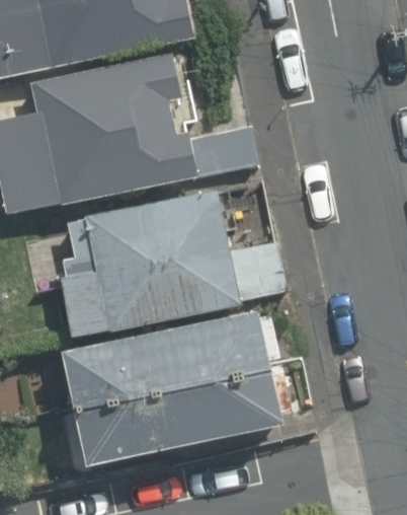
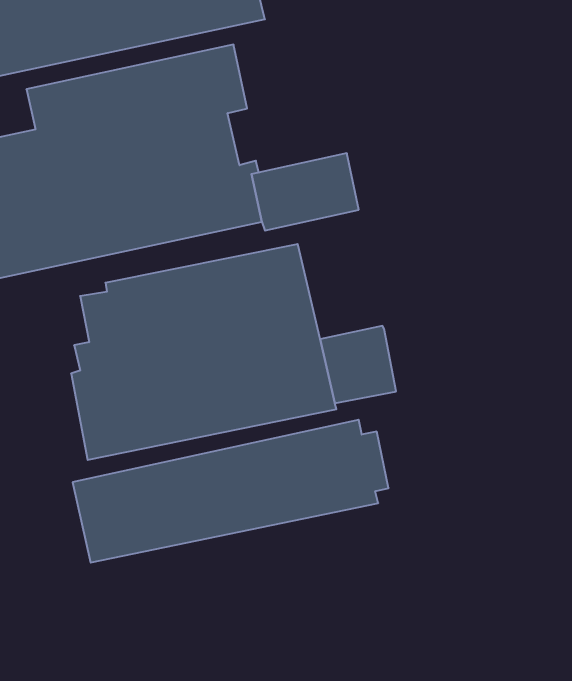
building: [75,366,292,462] -> none

